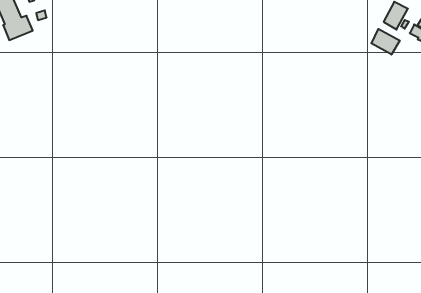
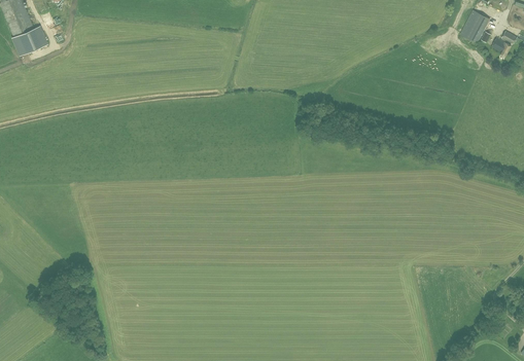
building: [371,29,400,55] -> none

